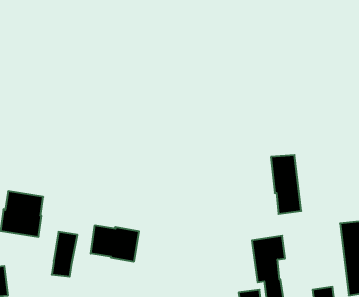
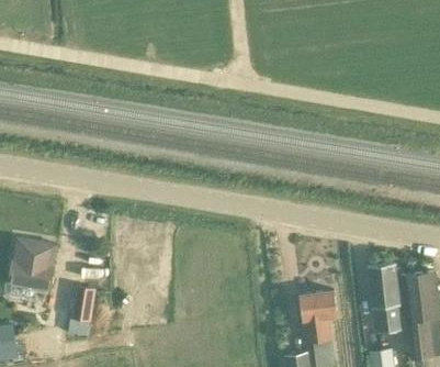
building: [271,155,301,214] -> [368,265,403,333]
building: [91,225,139,262] -> none

